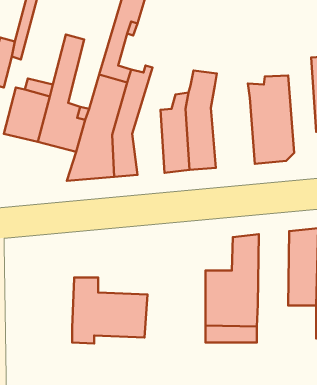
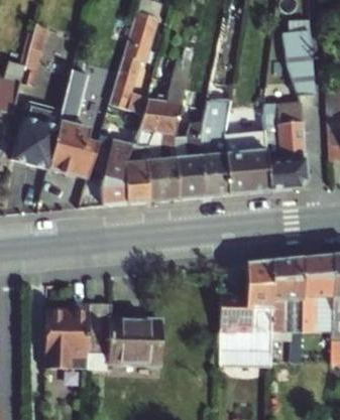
building: none -> [286,29,316,94]
building: none -> [145,49,194,200]
building: none -> [224,111,268,193]
building: none -> [271,257,303,361]
building: none -> [41,303,87,369]

